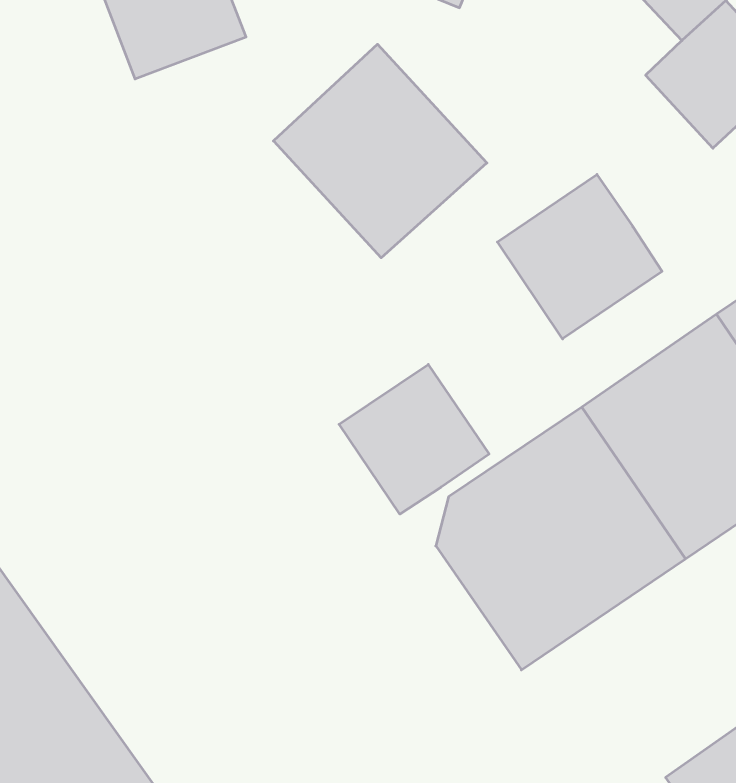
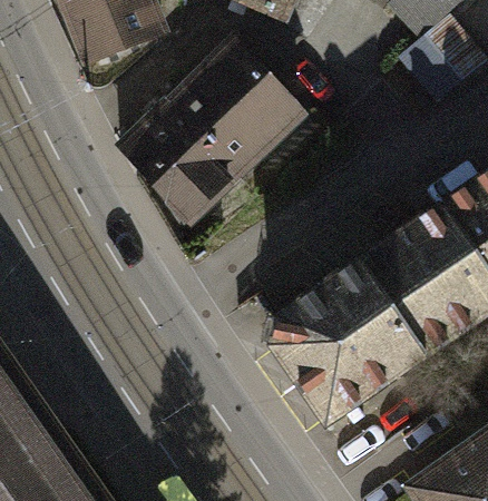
building: none -> [121,100,240,219]
building: [497,174,662,339] -> none
building: [339,364,489,514] -> none

